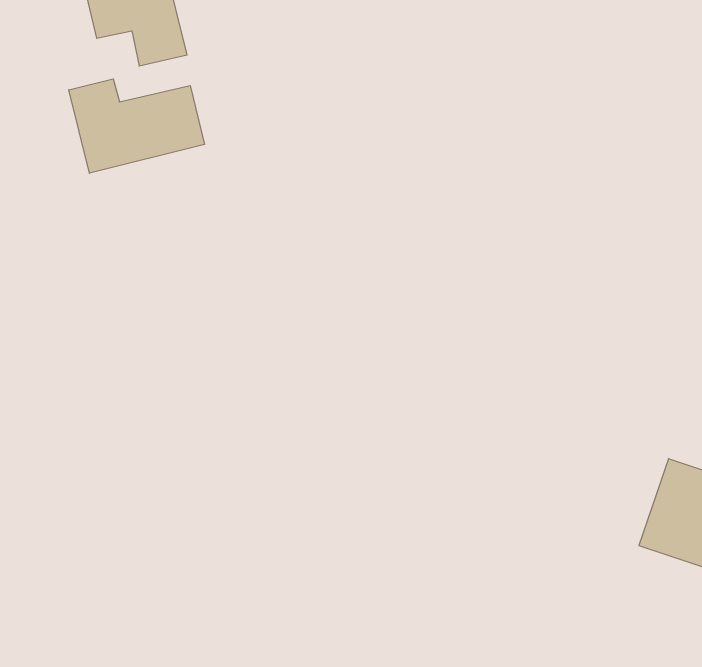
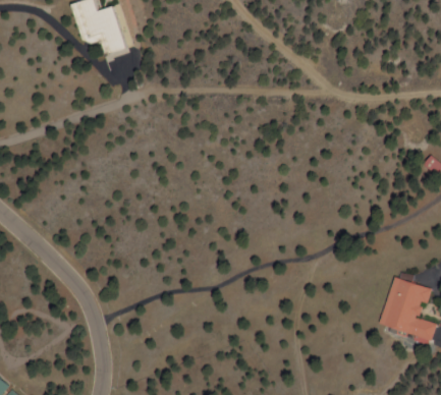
building: [69,79,205,173] -> none

